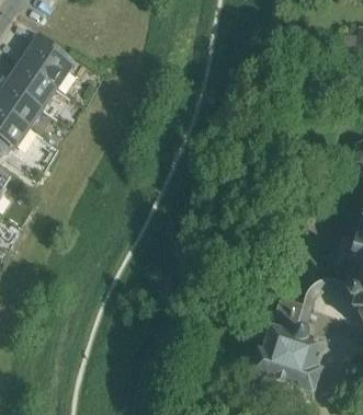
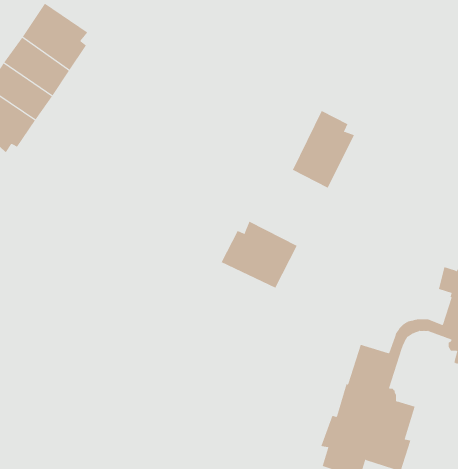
building: none -> [292,110,355,188]
building: none -> [221,221,298,289]

